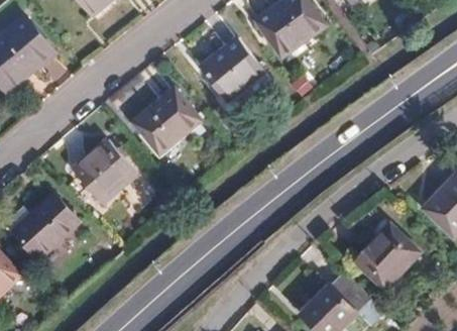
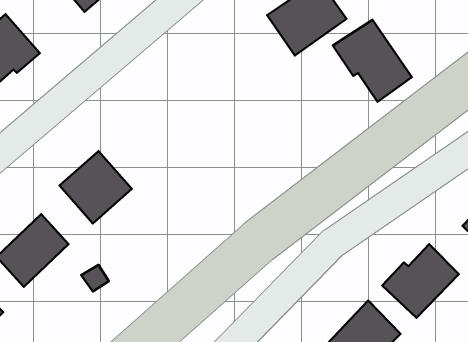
building: none -> [333,20,412,102]
building: [201,43,260,103] -> none
building: [135,92,199,154] -> none

